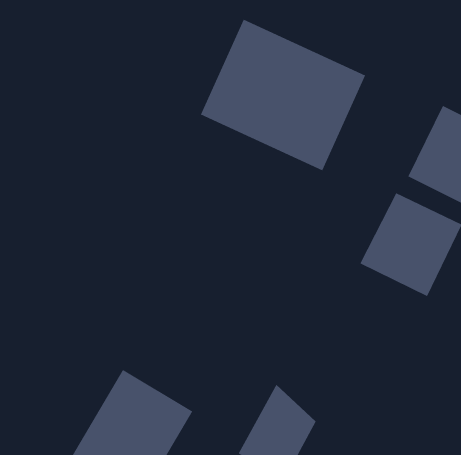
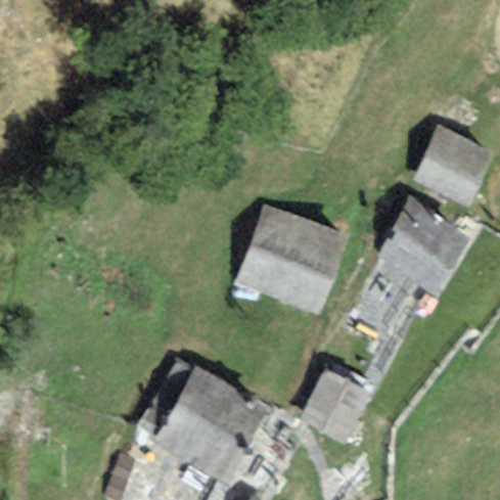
building: [200,19,366,171] -> none
building: none -> [240,215,333,308]

